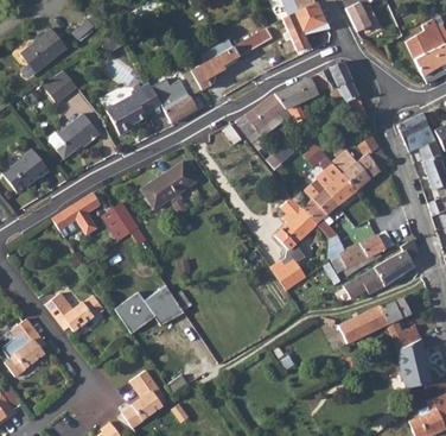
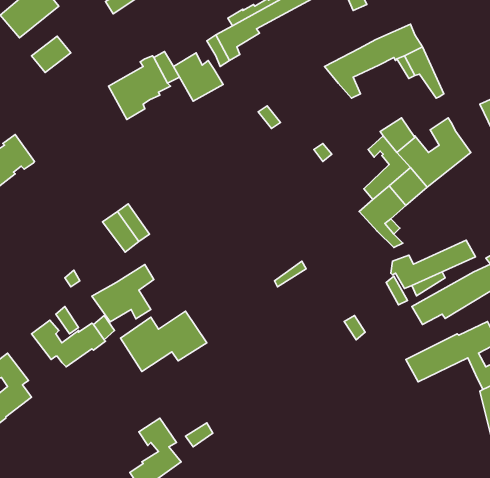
building: [236,94,286,150] -> none
building: [49,114,100,157] -> none
building: [142,162,195,208] -> none
building: [51,191,100,236] -> [92,264,154,322]
building: [270,197,317,289] -> none

